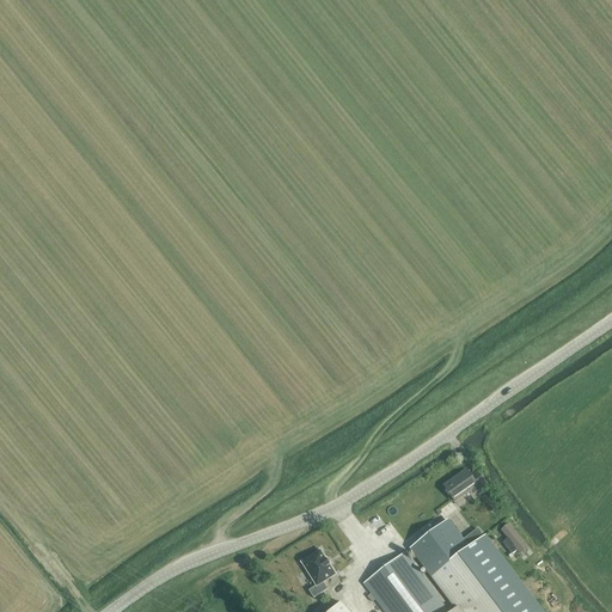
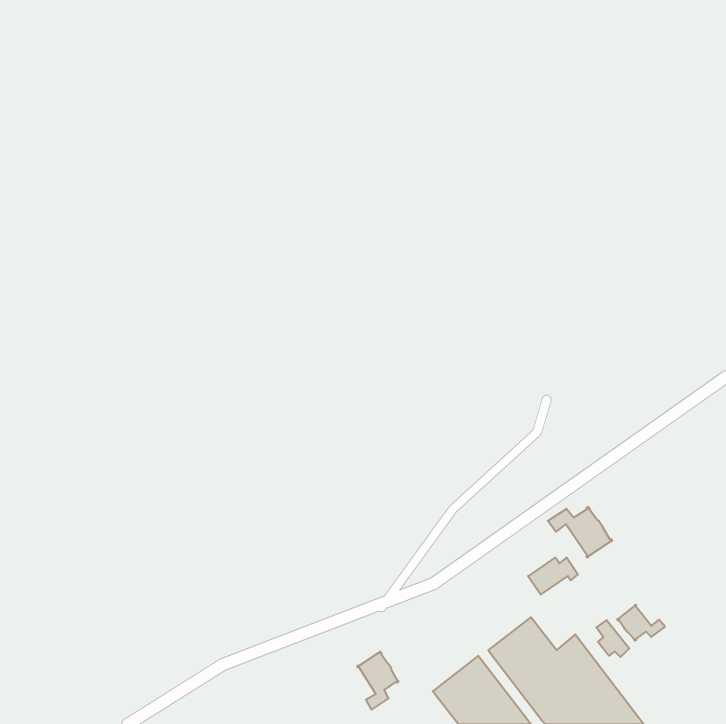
building: none -> [548,507,612,558]
building: none -> [617,605,665,641]

